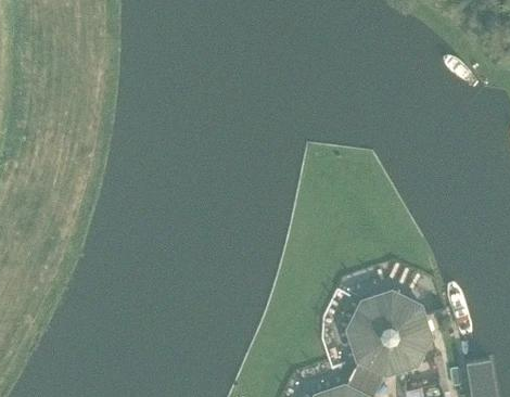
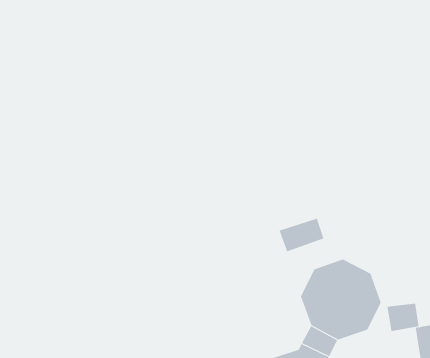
building: none -> [279,218,324,252]
building: none -> [387,303,419,332]

